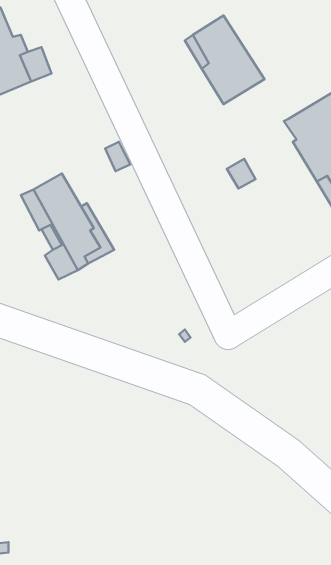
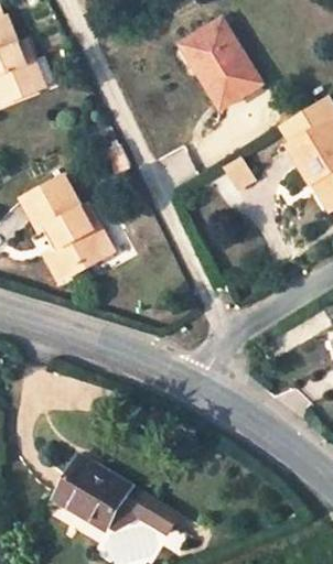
building: none -> [55,456,180,536]

